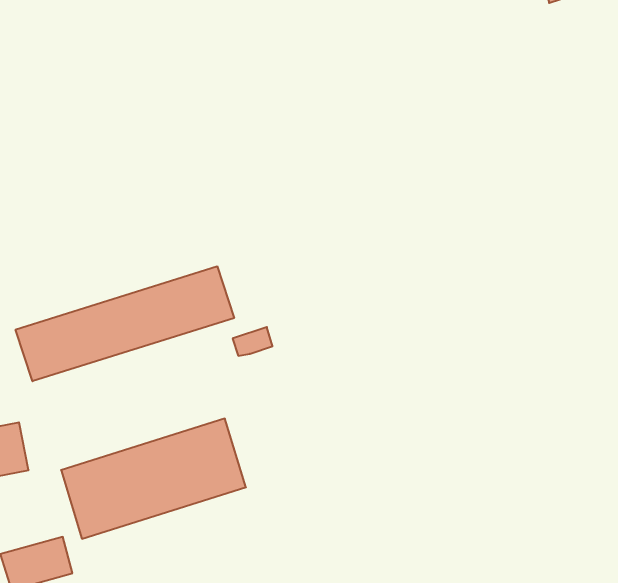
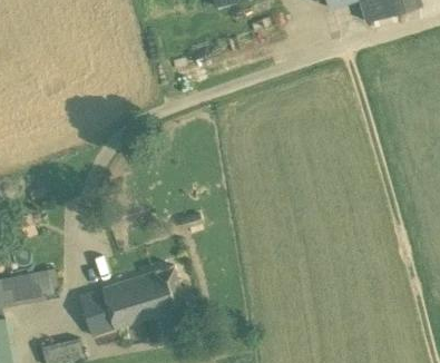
building: [16,266,234,381] -> none

